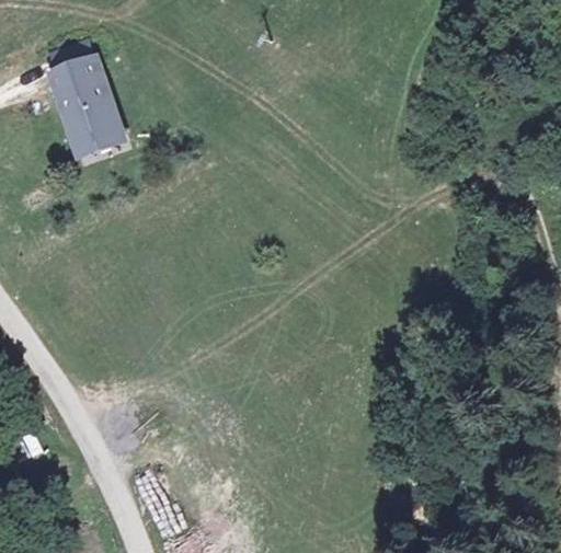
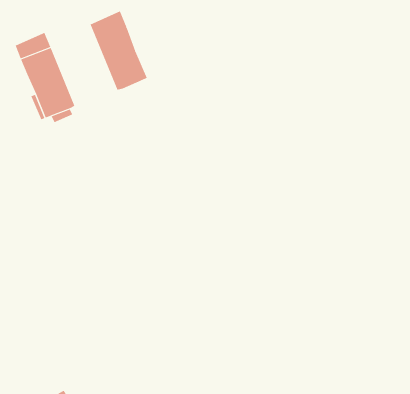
building: none -> [90,11,147,90]

